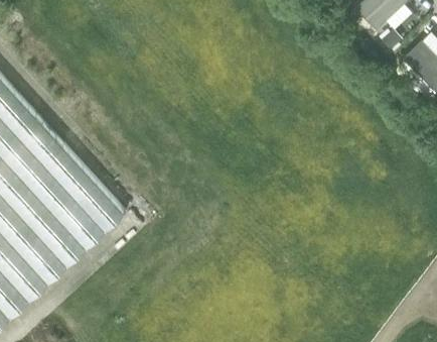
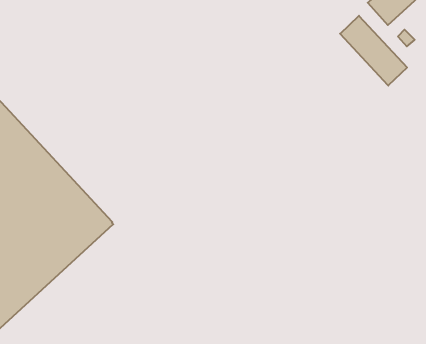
building: none -> [340,16,407,86]

